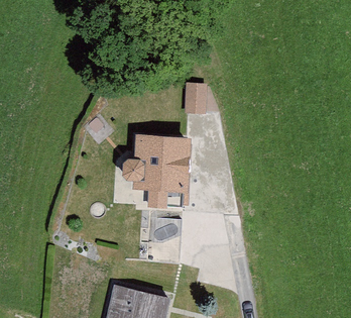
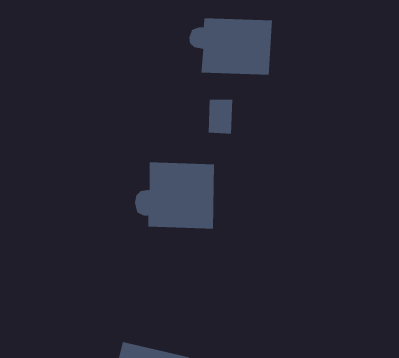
building: none -> [189,18,272,75]

